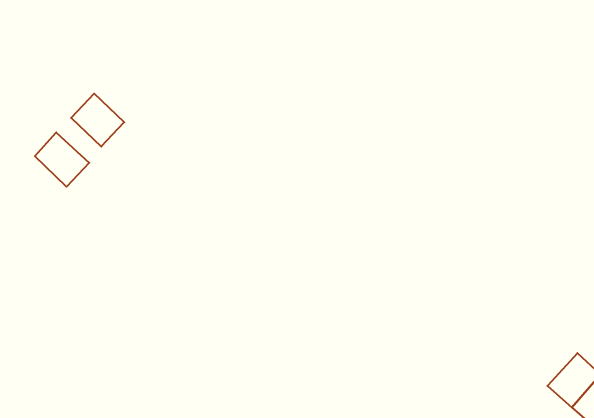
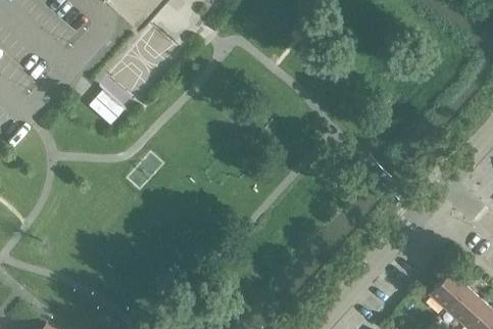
building: [35,132,89,187] -> none

